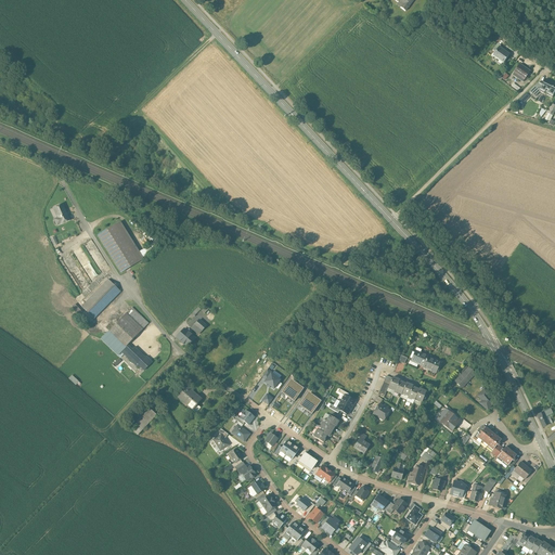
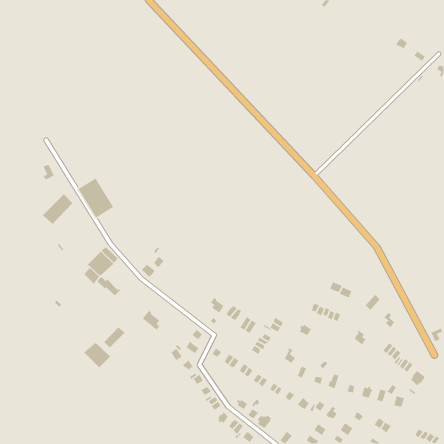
building: [80,279,119,318] -> [42,194,73,225]
building: none -> [84,342,111,368]

